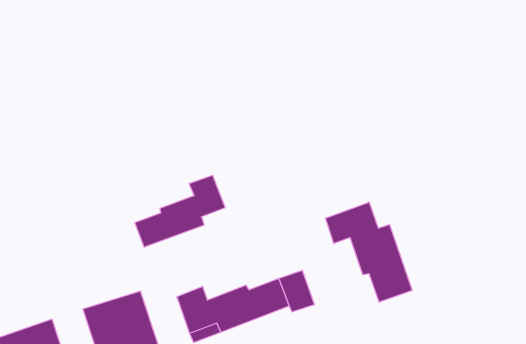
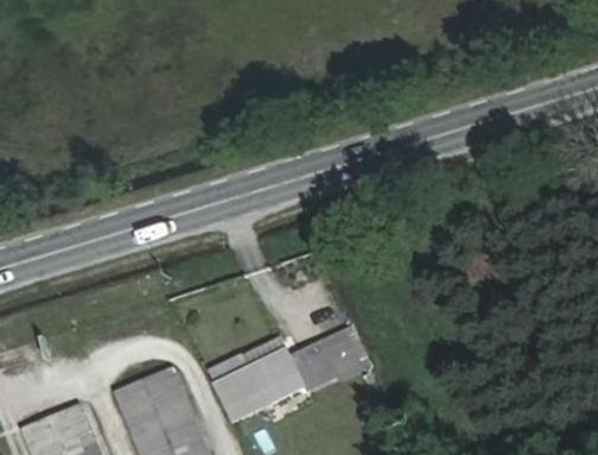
building: [135,175,225,247] -> none
building: [326,202,412,302] -> none

